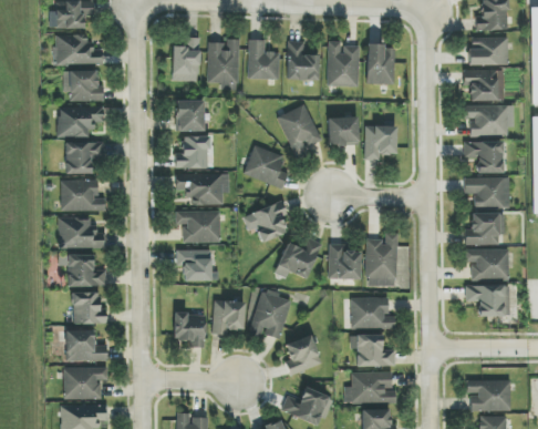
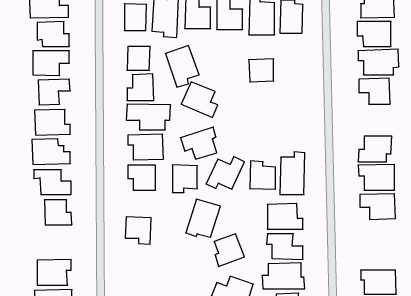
building: [278,105,320,157] -> [165,46,199,87]
building: [364,125,395,161] -> none
building: [464,176,509,210] -> none
building: [213,300,244,335] -> [172,165,197,192]
building: [65,330,106,361] -> none

